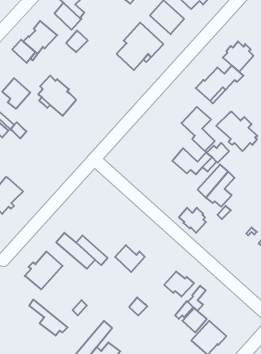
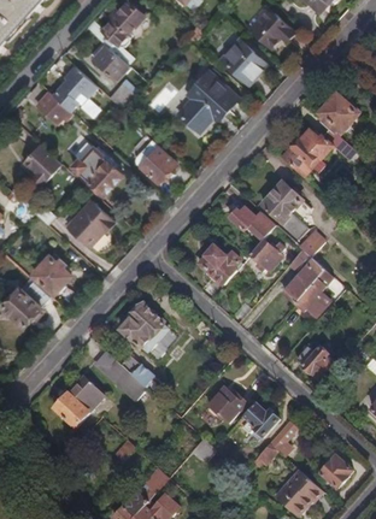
building: none -> [135,140,177,183]
building: [216,112,257,151] -> none
building: none -> [66,200,114,246]
building: none -> [230,206,277,240]
building: none -> [200,246,243,284]
building: none -> [30,254,70,295]
building: none -> [119,302,166,347]
building: [179,208,206,233] -> [296,346,333,379]
building: [115,245,145,272] -> [213,381,253,417]
building: [29,300,68,336] -> none
building: [182,308,207,332] -> [322,455,354,488]

